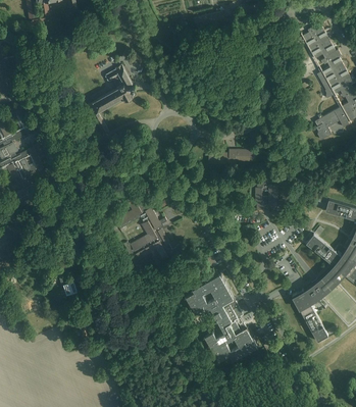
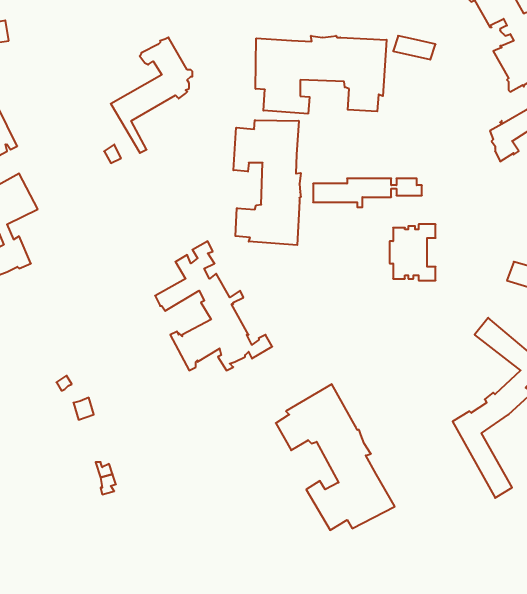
building: none -> [256,36,387,114]
building: none -> [233,120,301,245]

